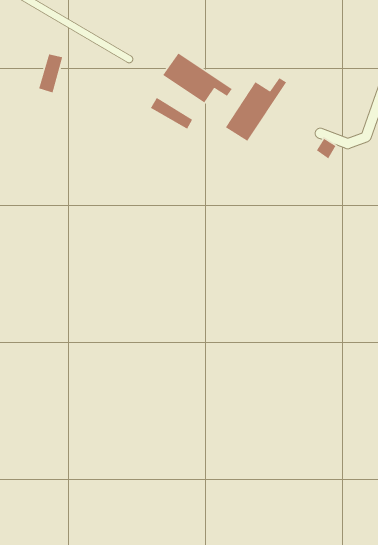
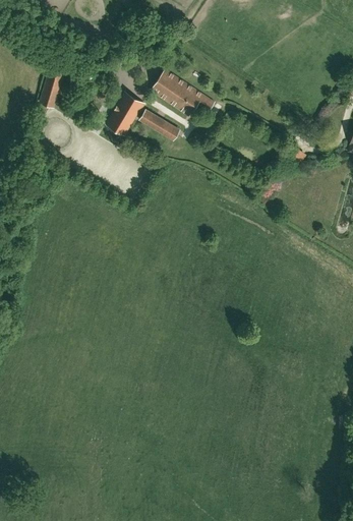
building: [225,77,287,142] -> none
building: none -> [106,93,144,135]

